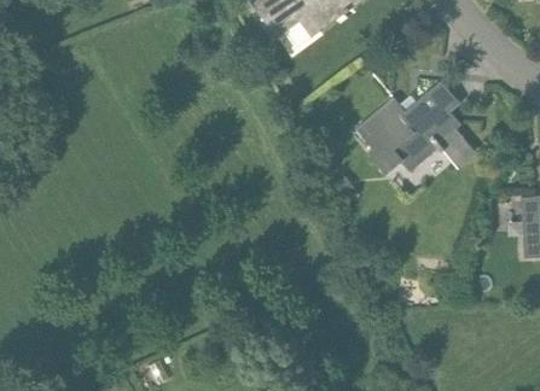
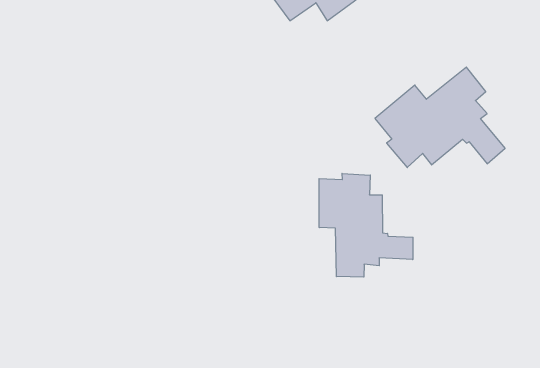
building: none -> [319,173,413,277]

